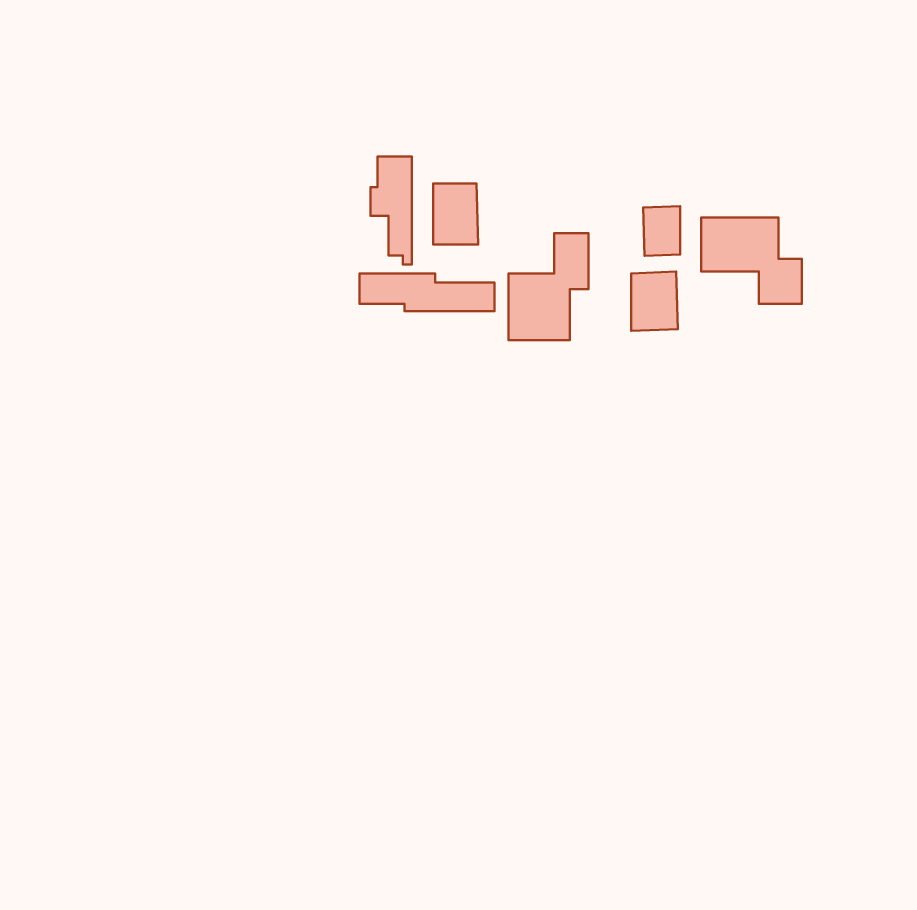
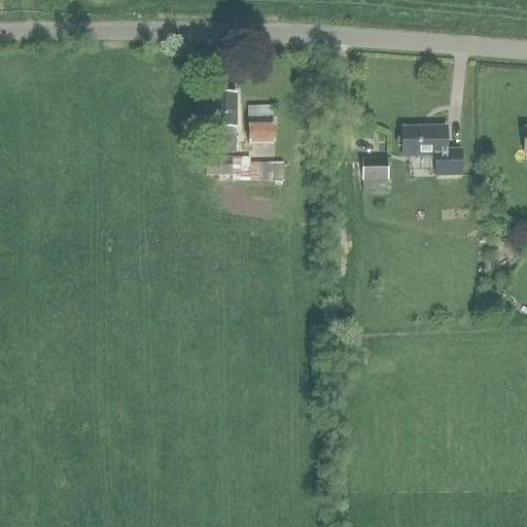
building: [643,206,680,256] -> none
building: [508,233,589,340] -> none

